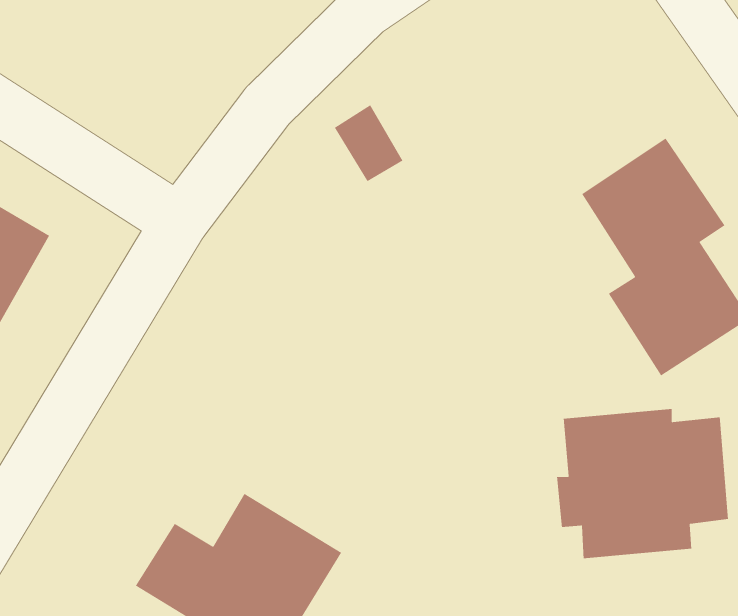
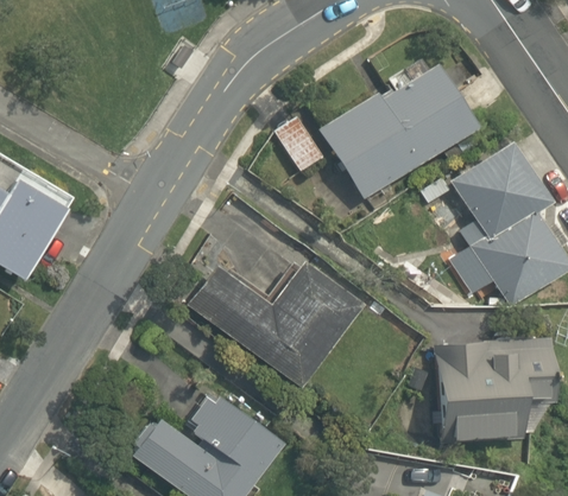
building: none -> [323,66,477,198]
building: none -> [182,262,362,390]

